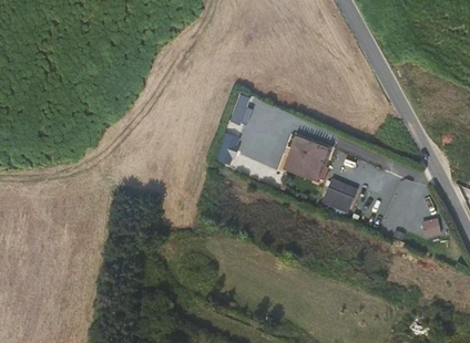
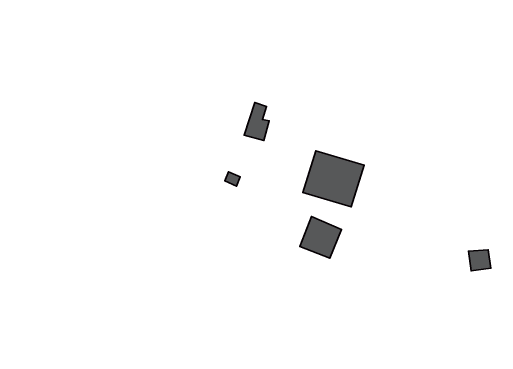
building: [320,178,356,214] -> [300,217,341,258]

